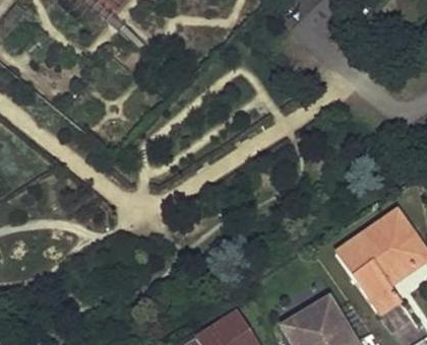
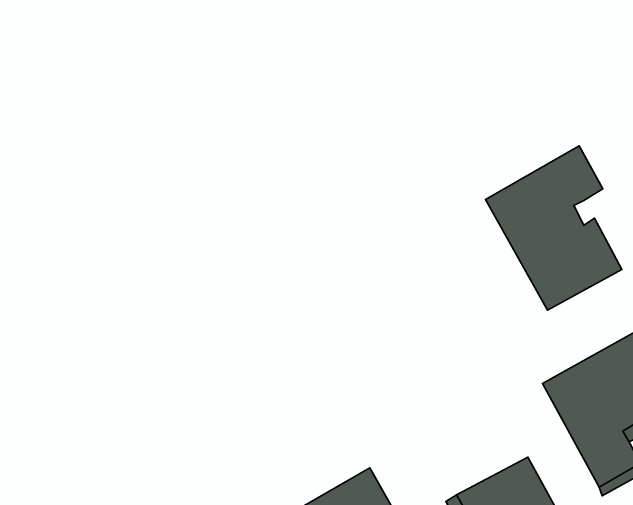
building: none -> [485,146,622,310]

